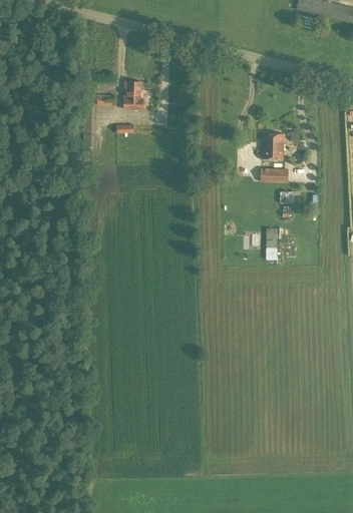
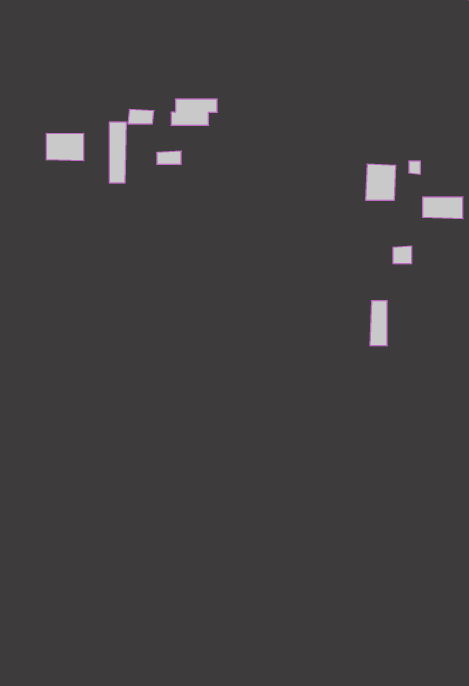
building: none -> [46,133,84,161]
building: [261,168,289,183] -> [423,197,463,219]

